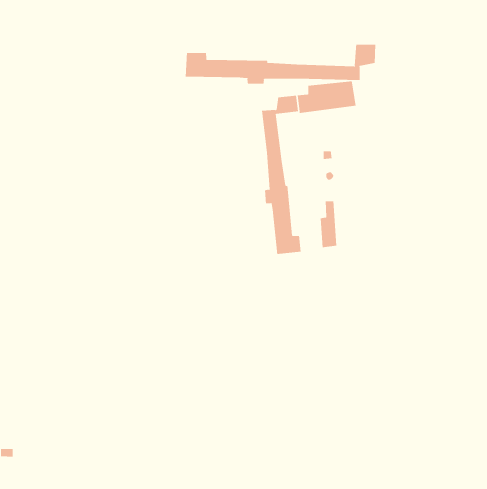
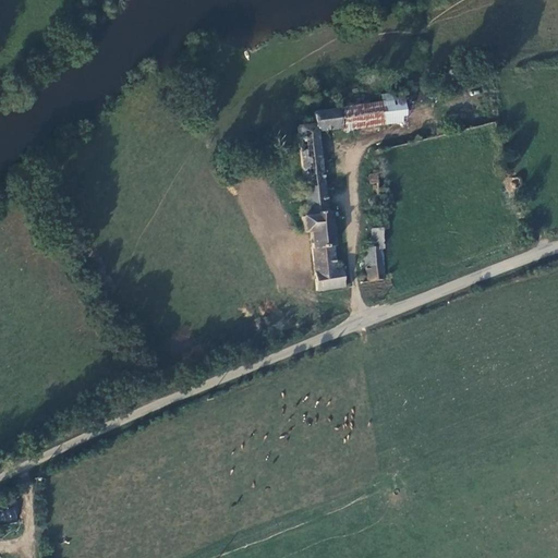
building: [185,44,376,85] -> none

